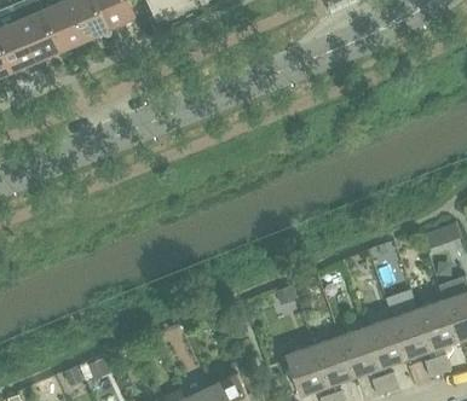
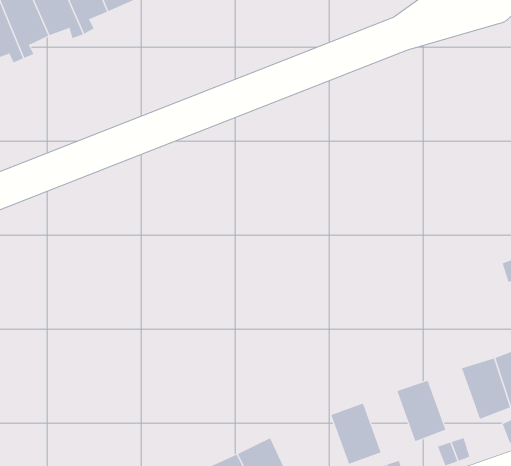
building: [364,318,405,367] -> none
building: [312,336,353,385] -> none

